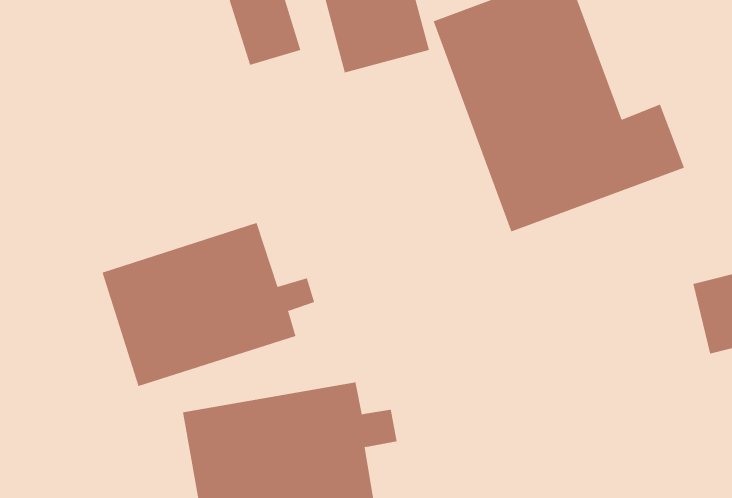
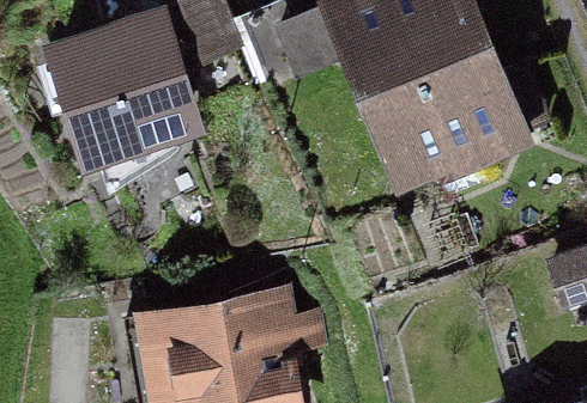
building: none -> [50,28,195,171]
building: [102,222,315,387] -> none

